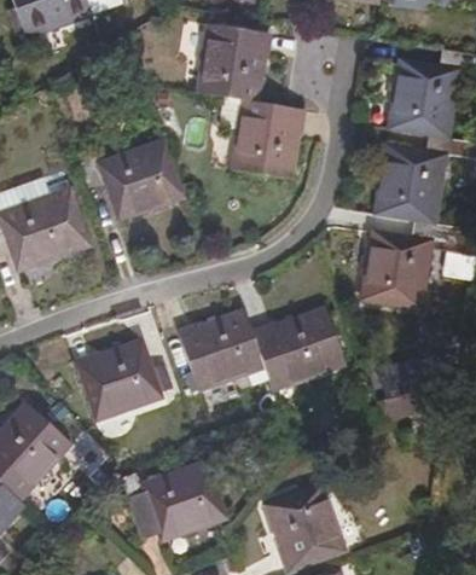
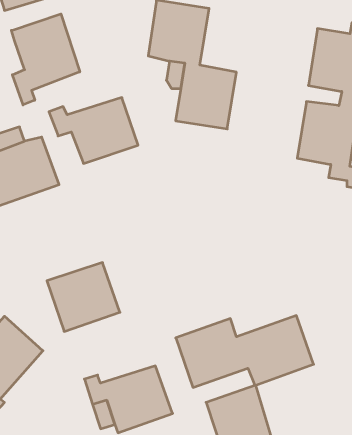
building: none -> [11,14,80,105]
building: [362,230,434,308] -> none
building: [179,304,343,390] -> [176,316,314,387]

